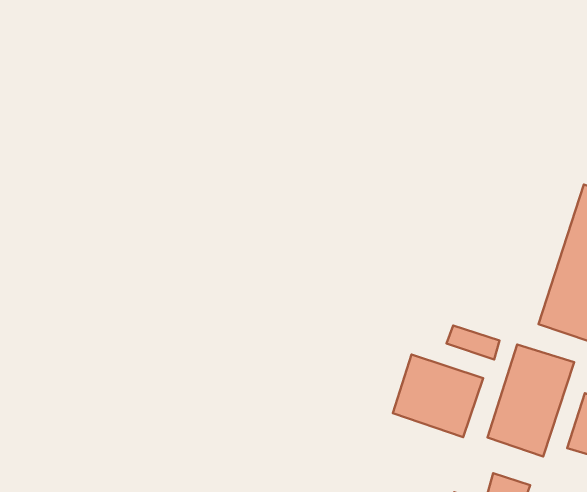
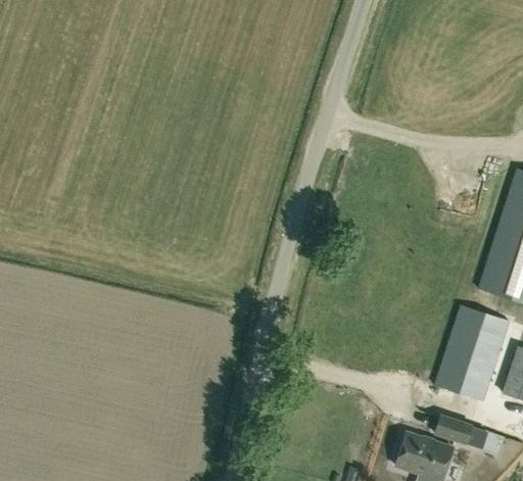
building: [447,325,500,359] -> none
building: [393,355,483,437] -> none

